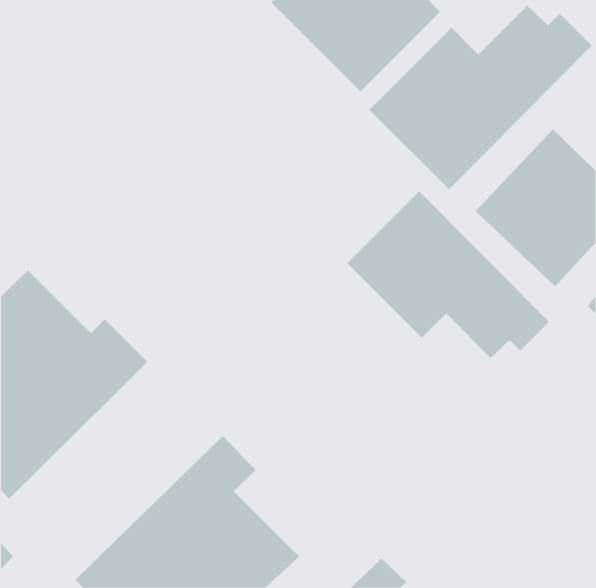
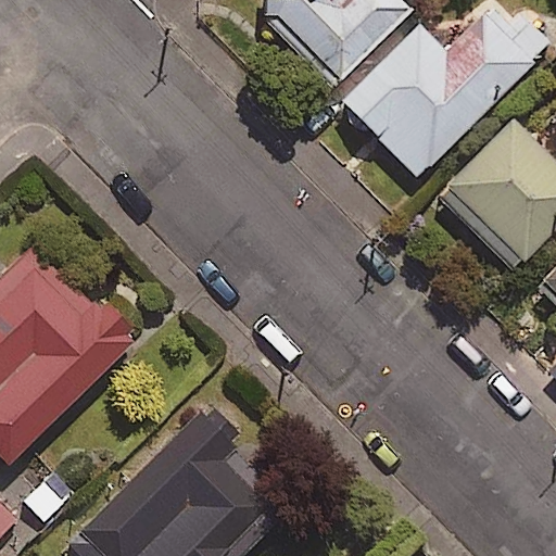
building: [346,190,550,359] -> none

